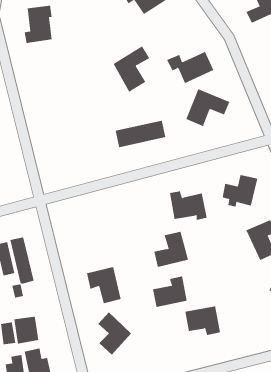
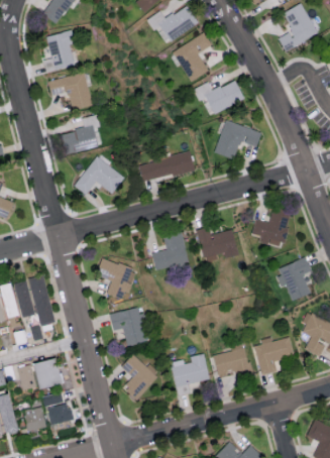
building: none -> [47,72,93,111]
building: [113,46,150,92] -> [173,32,212,82]
building: none -> [63,115,99,154]
building: none -> [75,155,125,195]
building: none -> [95,257,132,300]
building: [153,231,189,268] -> [151,232,189,270]
building: [152,276,187,307] -> [172,353,209,386]
building: none -> [254,338,294,375]

